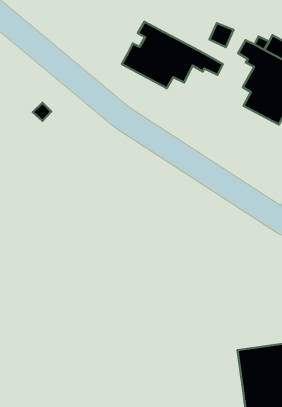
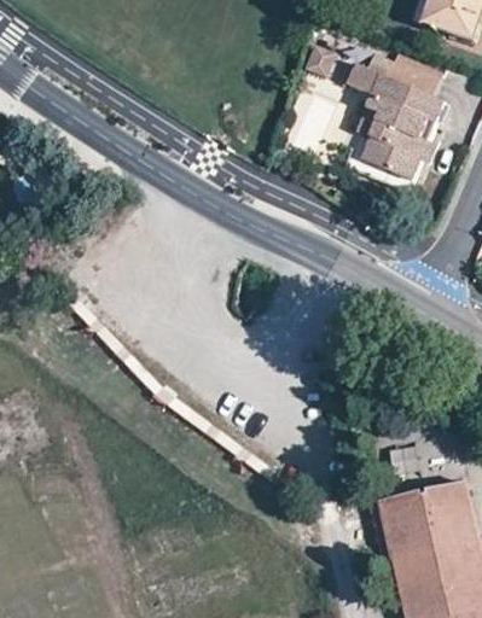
building: [122,22,223,88] -> none

